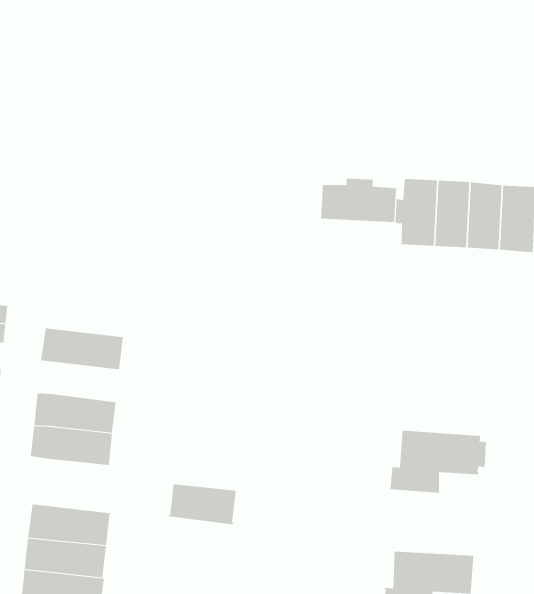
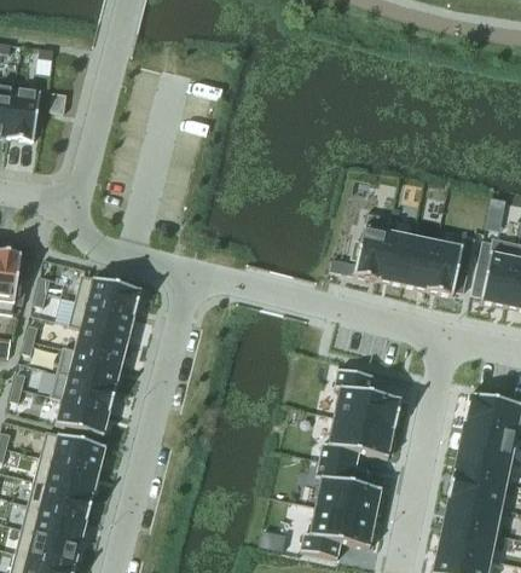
building: [321,178,396,223] -> none
building: none -> [76,273,141,314]
building: none -> [69,323,128,363]
building: none -> [334,367,401,428]
building: [168,484,237,525] -> [56,398,110,435]
building: none -> [316,458,386,517]

